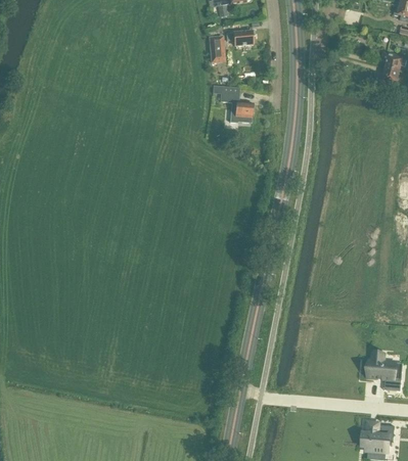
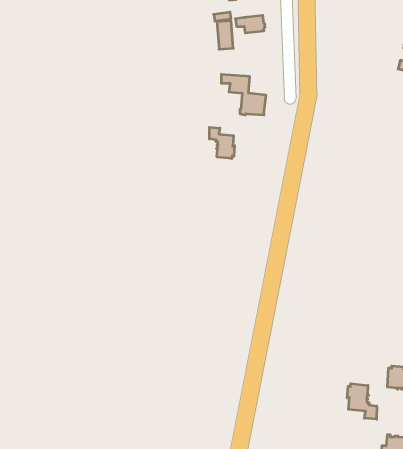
building: none -> [209,127,235,159]
building: none -> [347,384,377,419]

